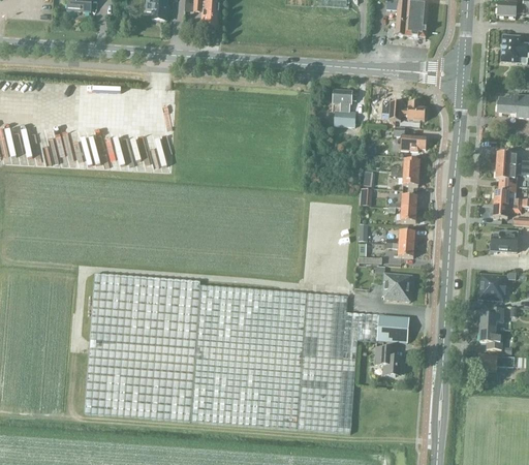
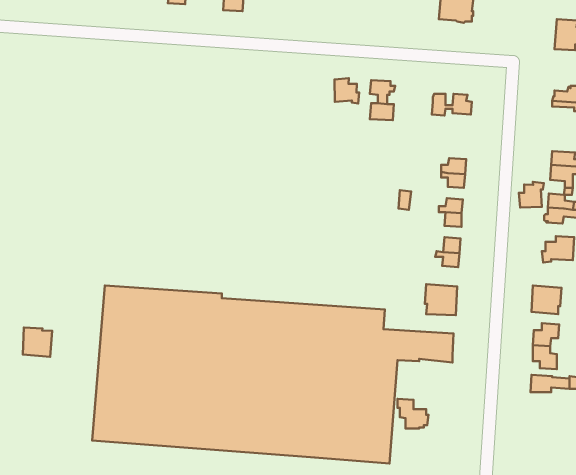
building: none -> [334,78,359,104]
building: [396,126,428,150] -> none
building: none -> [519,182,544,207]
building: none -> [23,327,52,357]
building: [376,347,404,374] -> [397,399,428,429]

